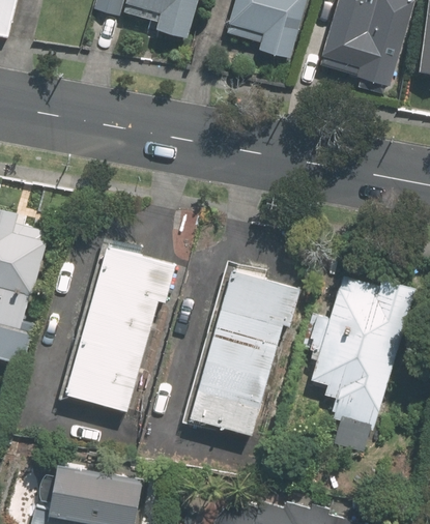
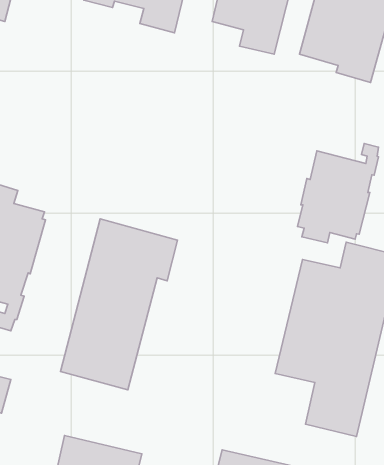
building: none -> [298,144,379,243]
building: [181,263,294,446] -> none

